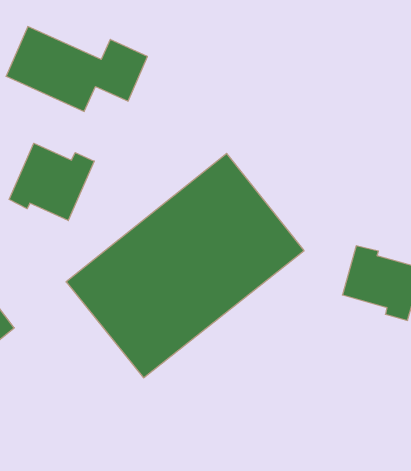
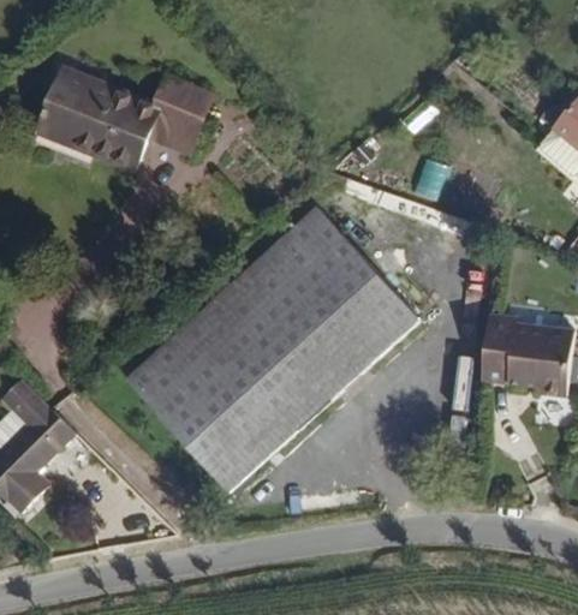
building: [9,143,94,221] -> none

